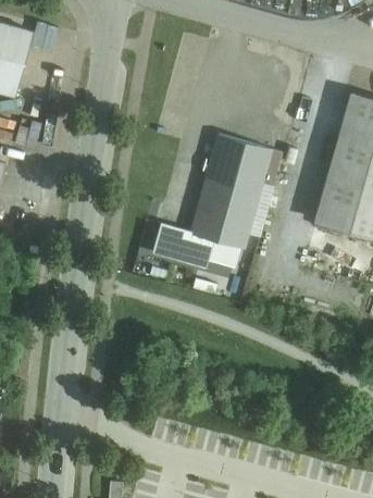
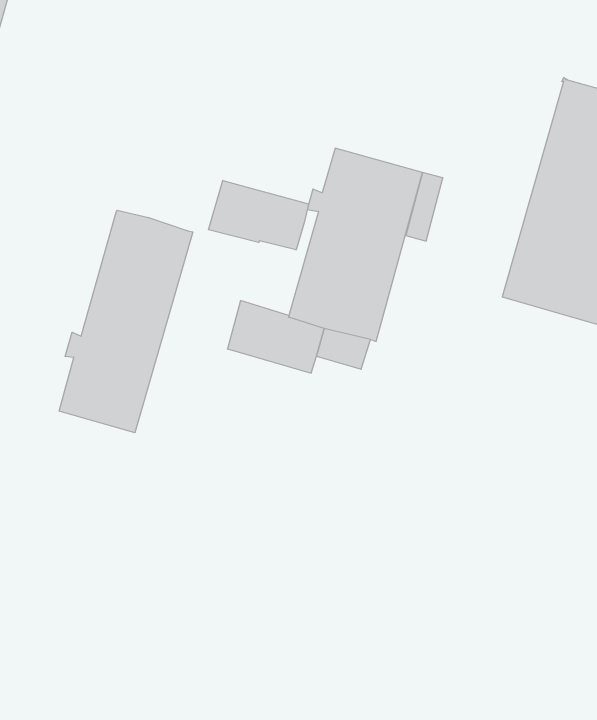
building: none -> [208,180,309,250]
building: none -> [59,210,193,433]

